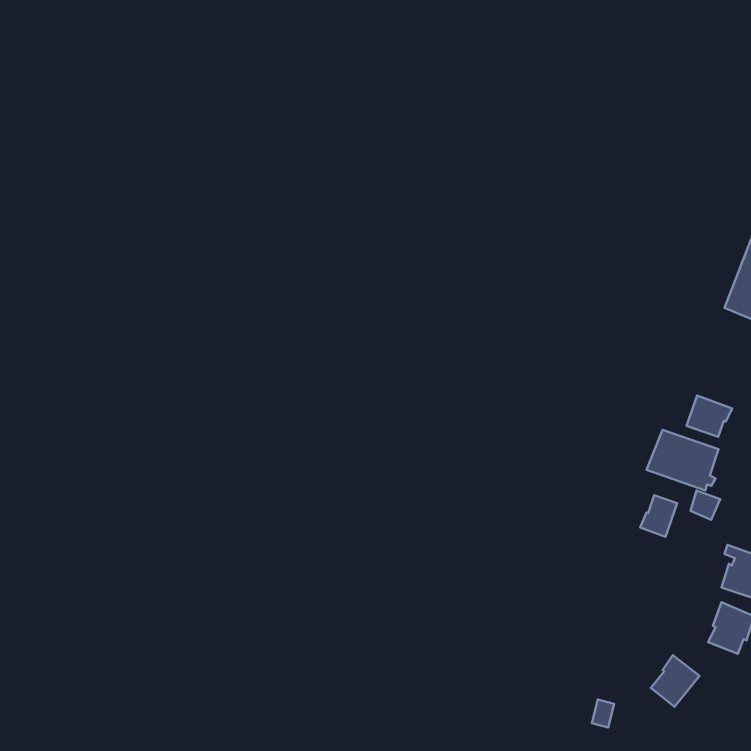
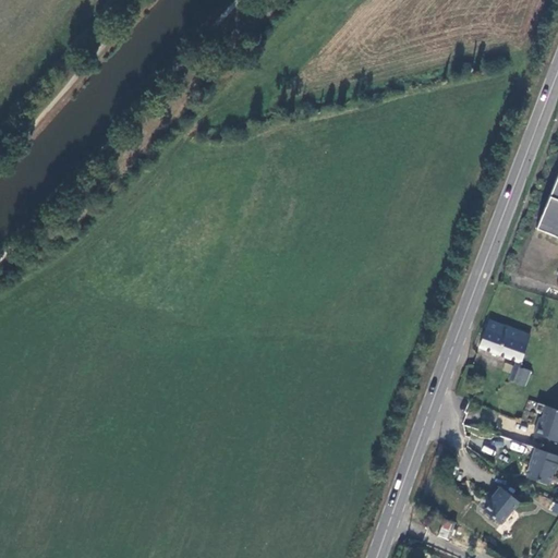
building: [687,396,732,437] -> none
building: [640,495,677,537] -> none

